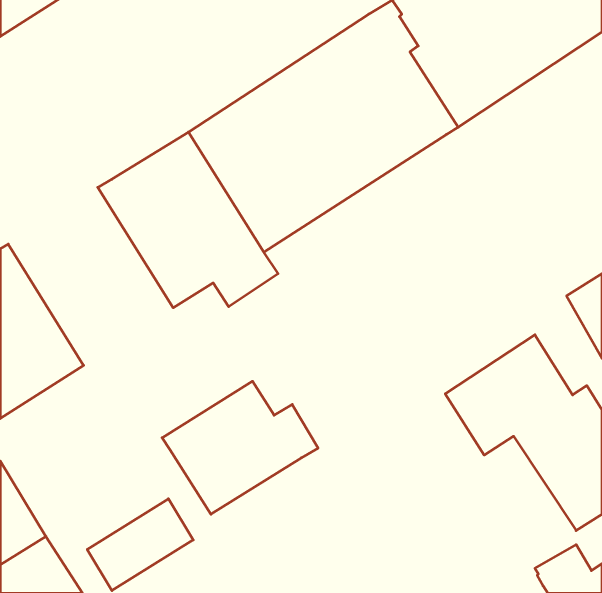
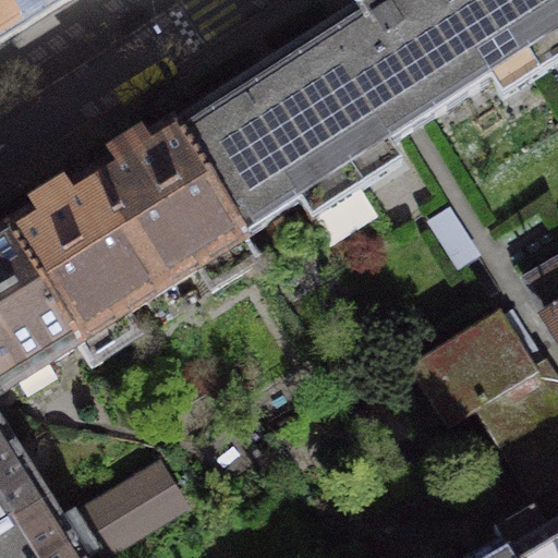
building: none -> [8,173,160,359]
building: [162,381,318,514] -> none

